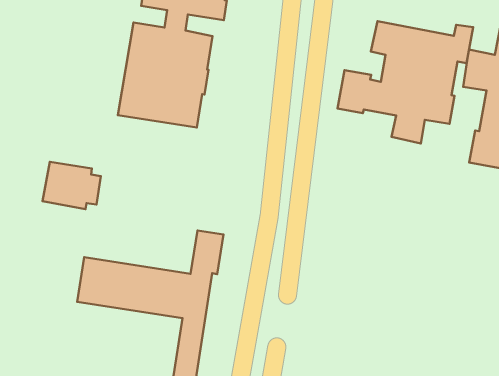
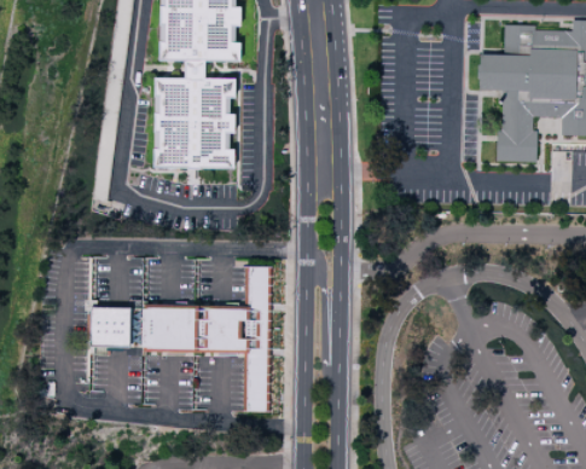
building: [337,21,473,143] -> none
building: [42,162,101,209] -> [89,307,141,347]

